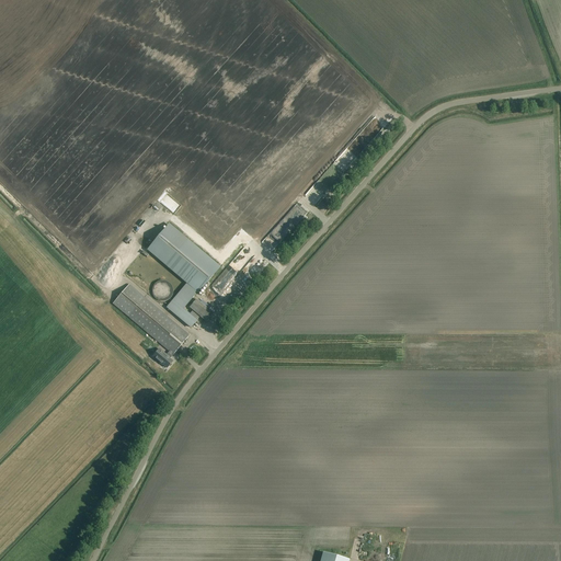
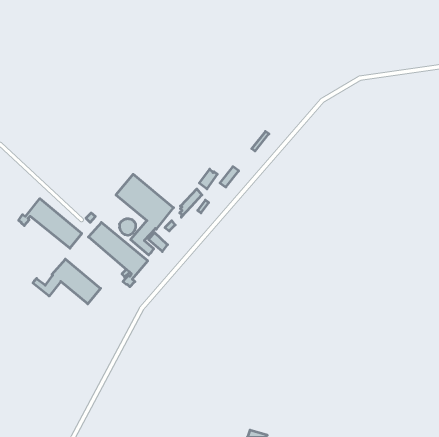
building: none -> [19,199,82,248]
building: none -> [33,259,101,304]

